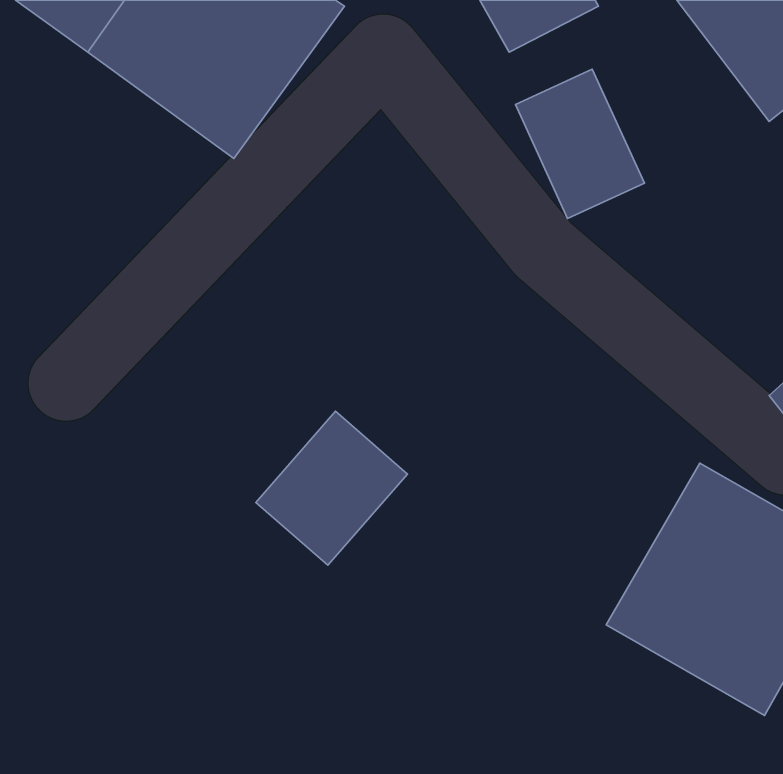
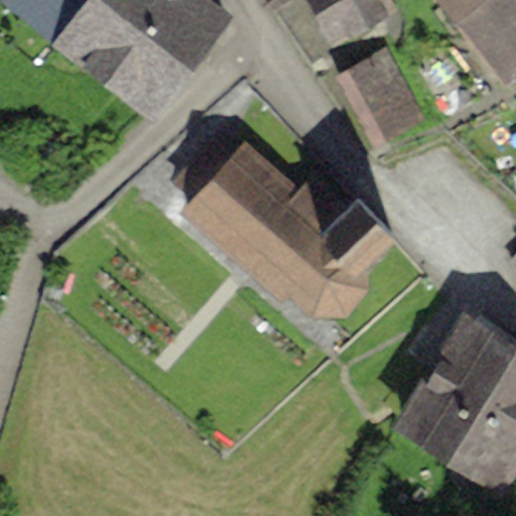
building: none -> [182,138,397,317]
building: [256,411,407,565] -> none

